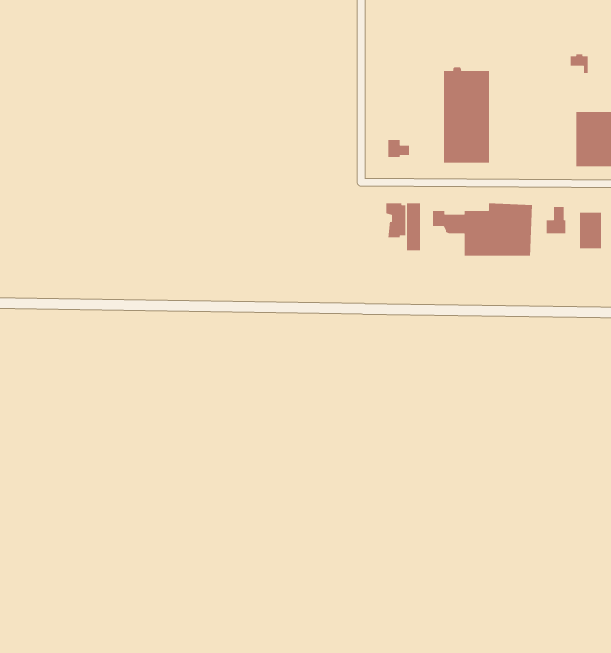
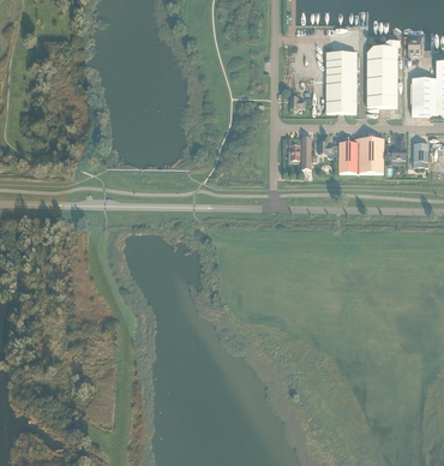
building: none -> [367,40,400,106]

